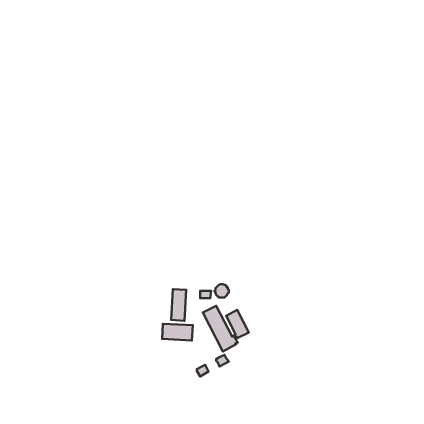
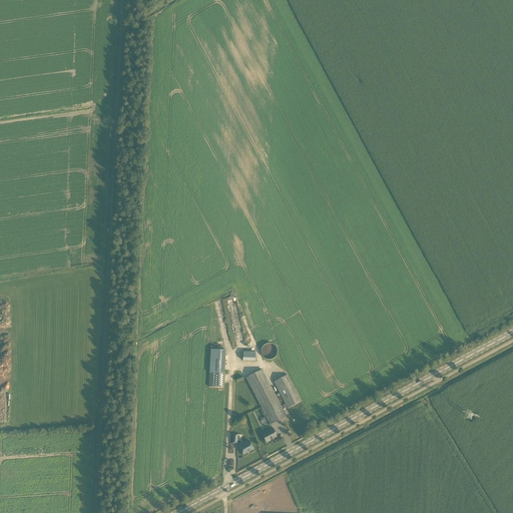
building: [162,324,193,340] -> none

